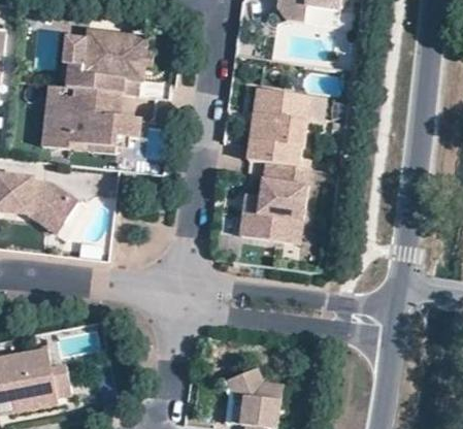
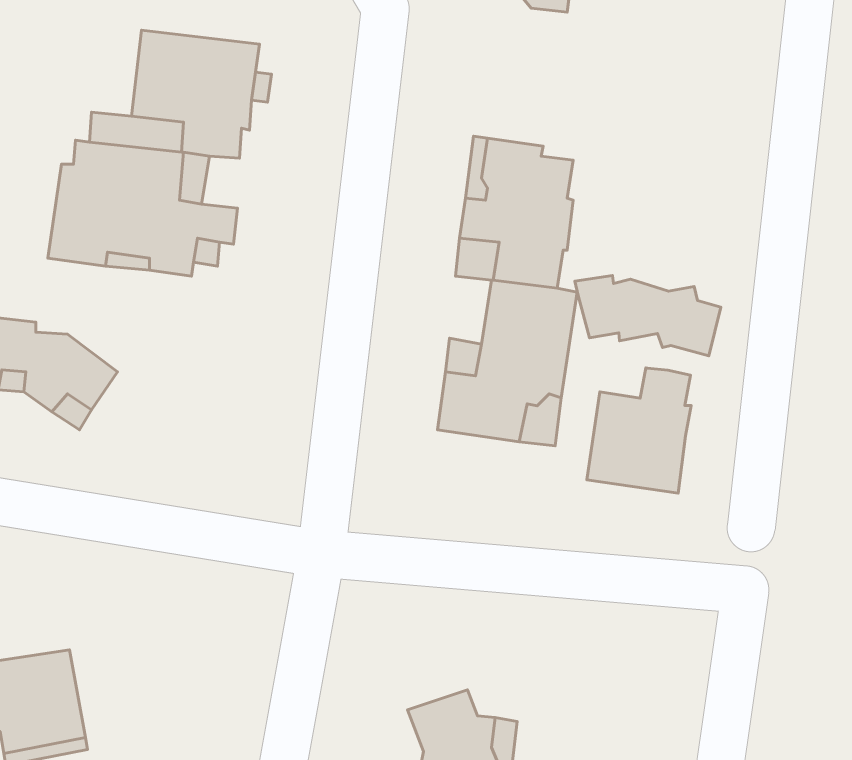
building: none -> [575,276,721,356]
building: none -> [587,368,691,493]

